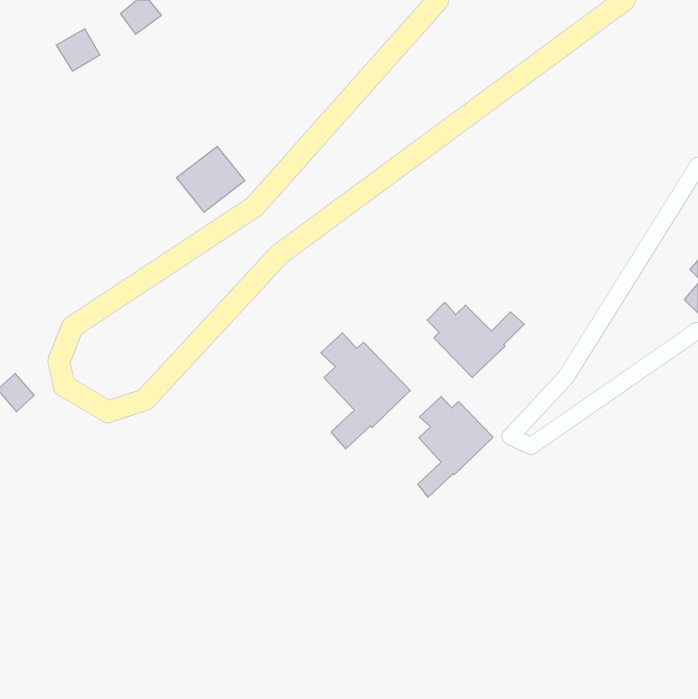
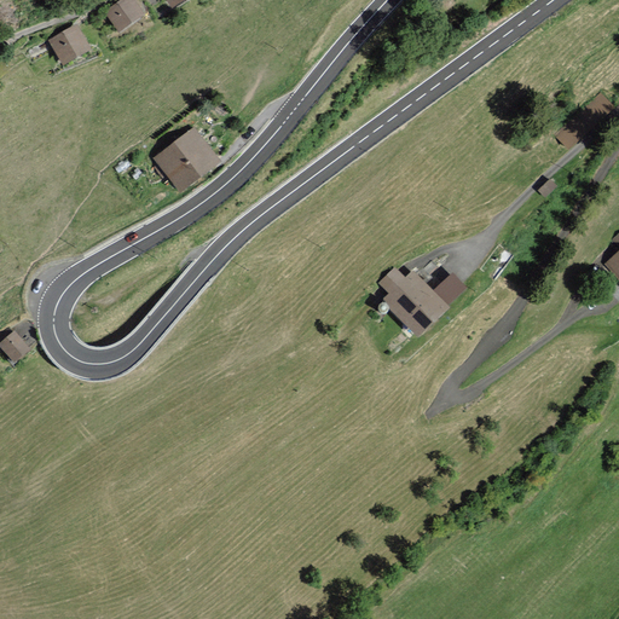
building: [321,333,410,449] -> none
building: [418,396,493,497] -> none

